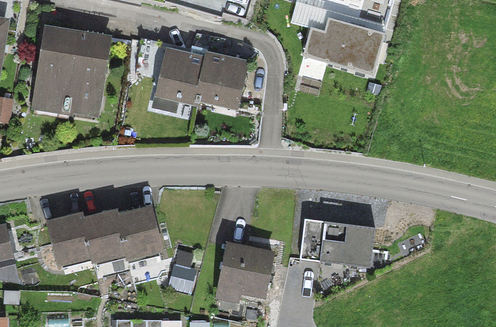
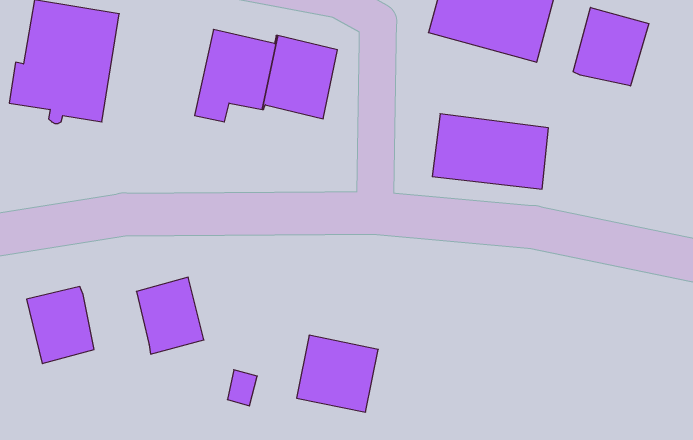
building: none -> [573,7,649,86]
building: [82,211,124,260] -> none
building: [301,216,375,264] -> [432,114,548,189]

